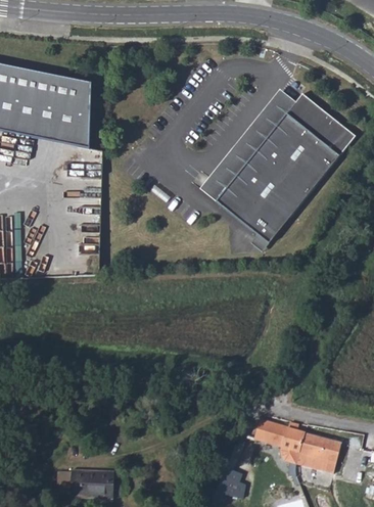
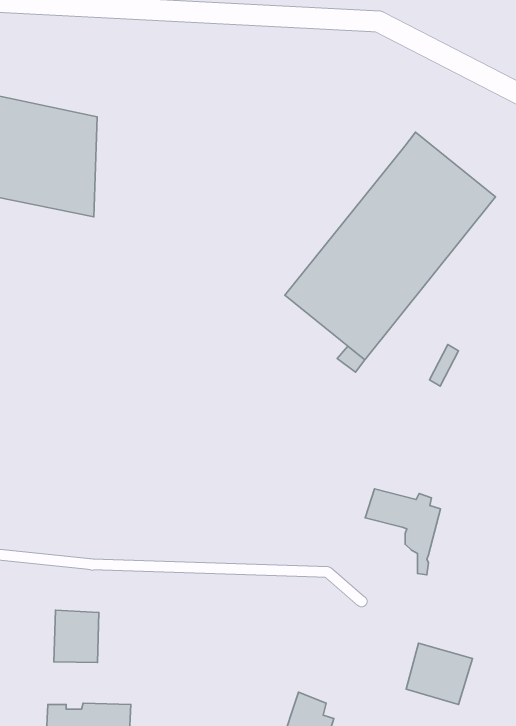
building: [200,88,295,200] -> none
building: none -> [54,610,99,663]
building: [254,418,305,475] -> [365,489,441,575]

